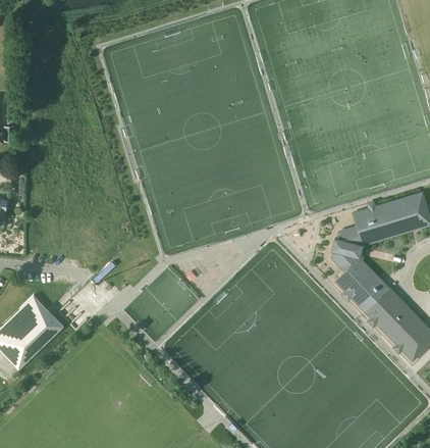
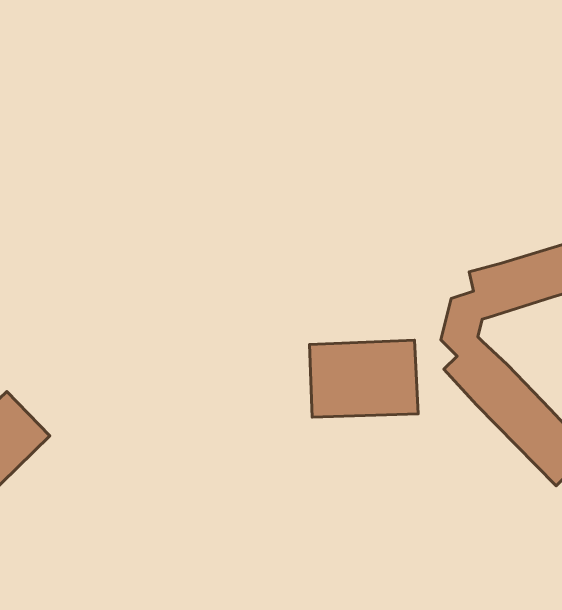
building: none -> [309,340,418,417]

